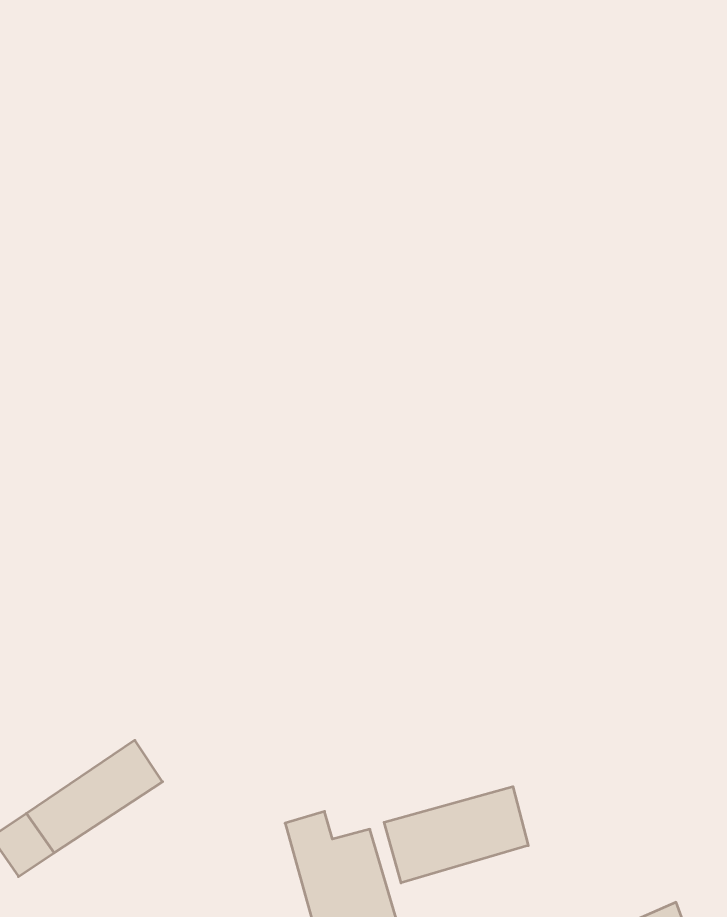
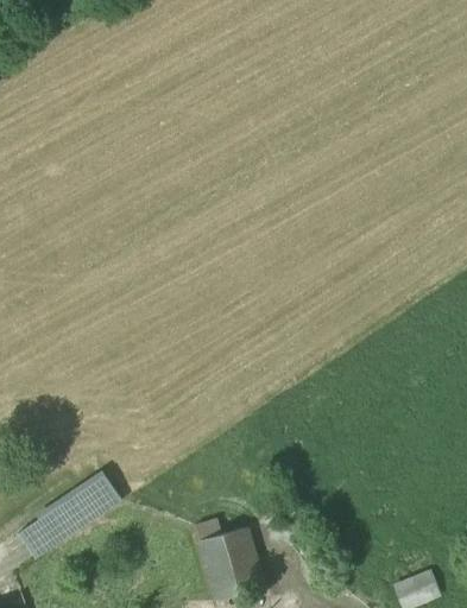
building: [384,787,528,883] -> none

